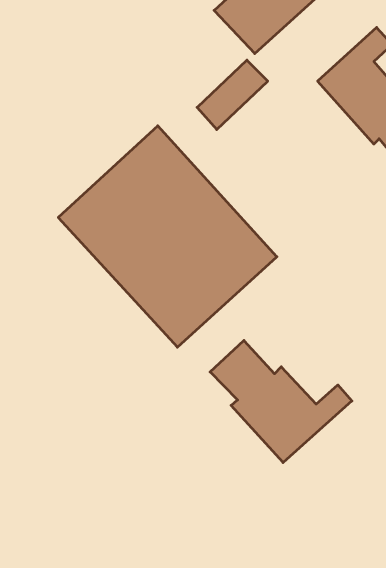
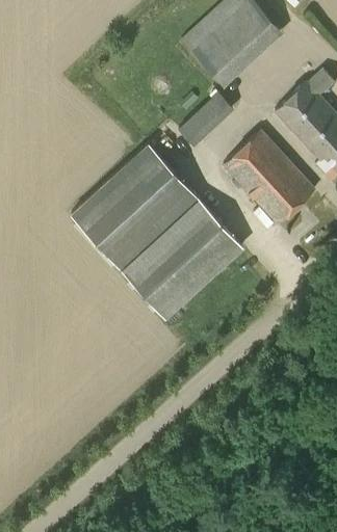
building: none -> [223,131,315,225]
building: [210,340,352,463] -> none

